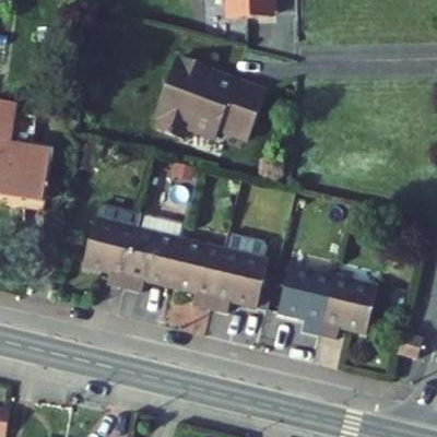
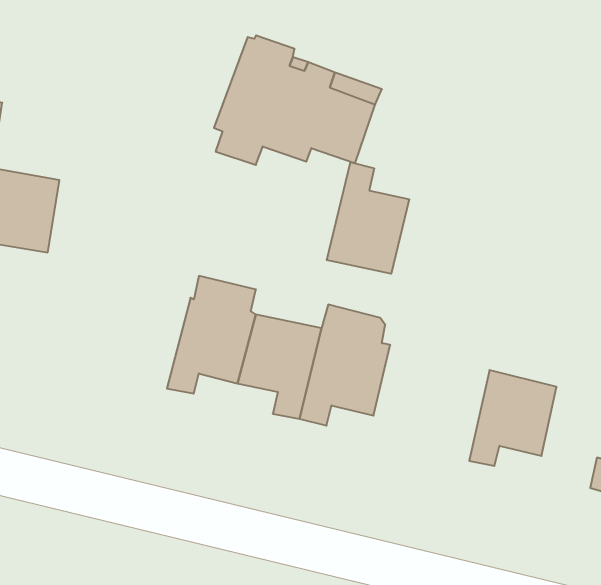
building: none -> [327,162,409,274]
building: [82,221,138,291] -> none
building: [277,268,332,338] -> none

